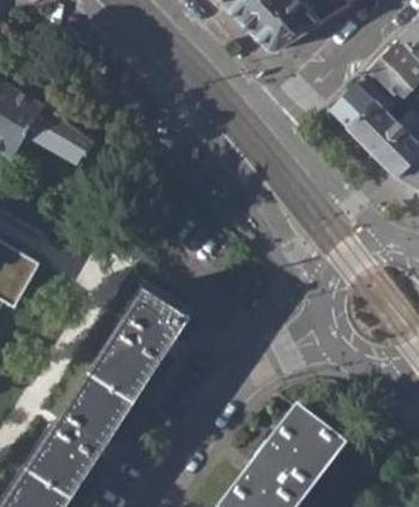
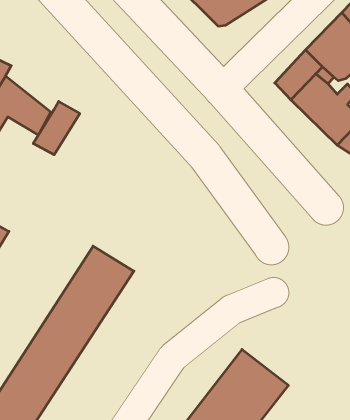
building: none -> [33,101,80,155]

